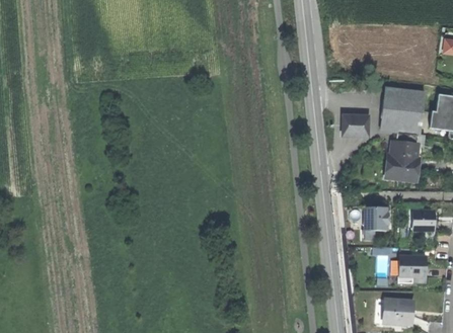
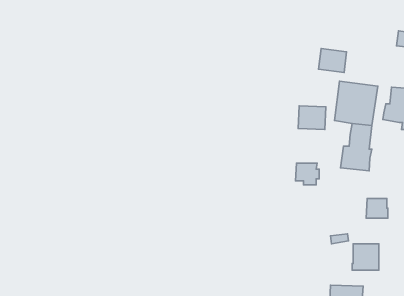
building: none -> [319,49,347,73]
building: [365,207,389,230] -> [296,163,319,185]

